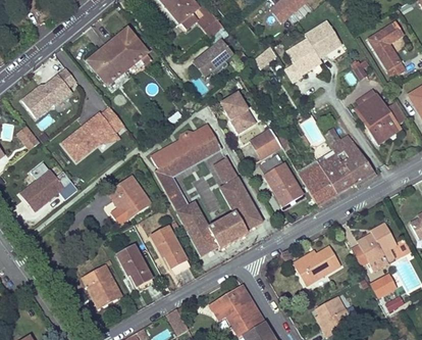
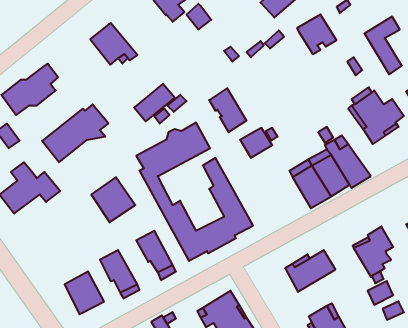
building: [283,38,321,83] -> none
building: [194,40,232,76] -> [134,84,175,121]
building: [87,44,126,85] -> none
building: [260,153,302,204] -> none

